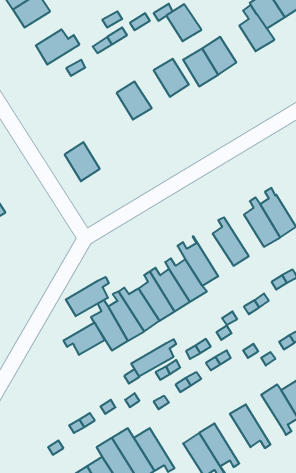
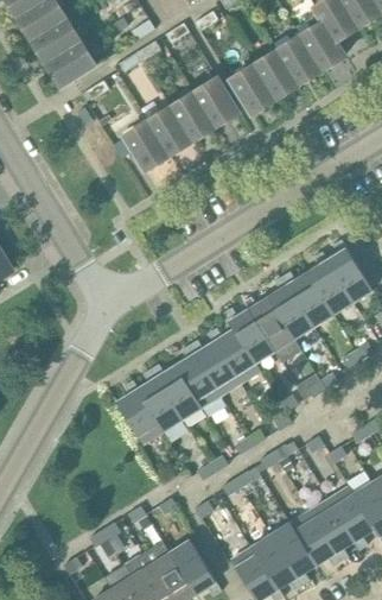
building: [166,4,201,41] -> [279,37,323,83]
building: none -> [34,19,81,62]
building: none -> [172,93,216,140]
building: [65,142,100,181] -> [126,121,170,170]
building: none -> [284,272,333,326]
building: none -> [246,296,303,362]
building: [66,277,109,316] -> none
building: [64,323,105,355] -> none
building: [131,339,176,377] -> none
building: none -> [311,499,356,561]
building: none -> [272,523,317,585]

